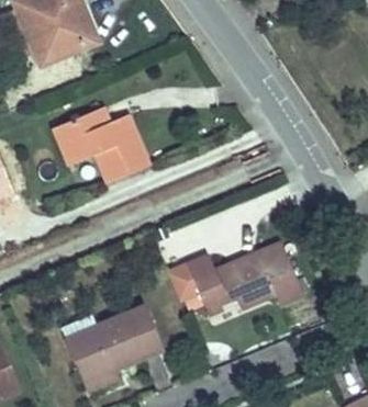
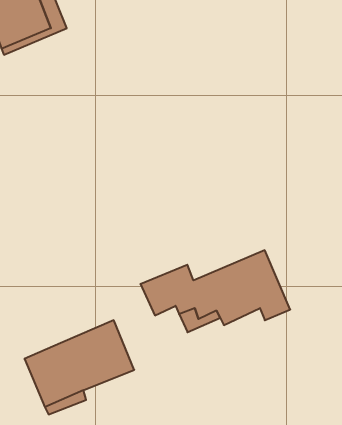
building: [54,106,149,182] -> none

